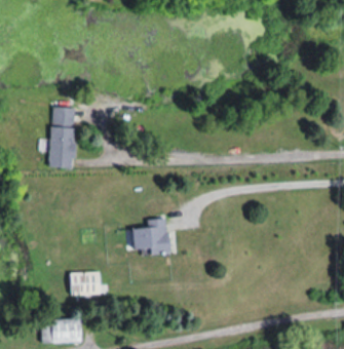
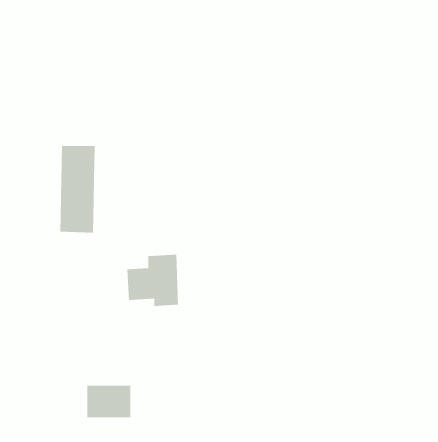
building: [132,219,168,255] -> [127,254,179,306]

